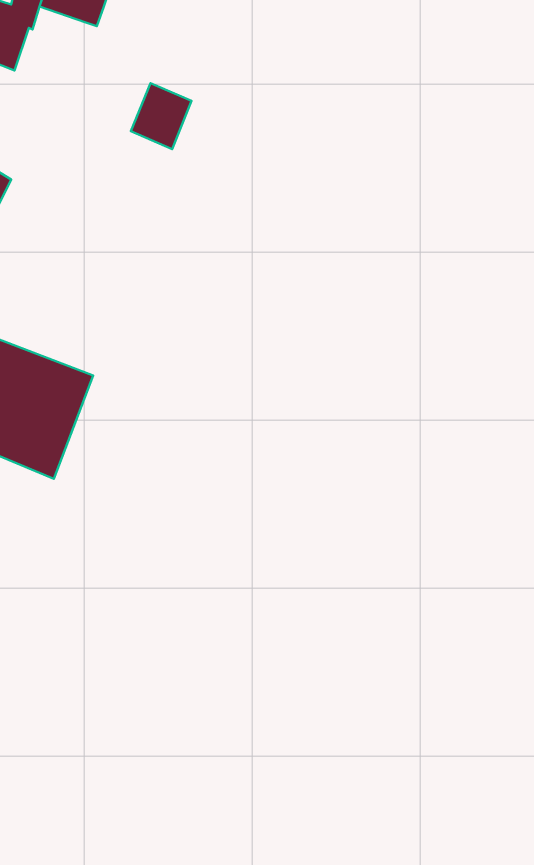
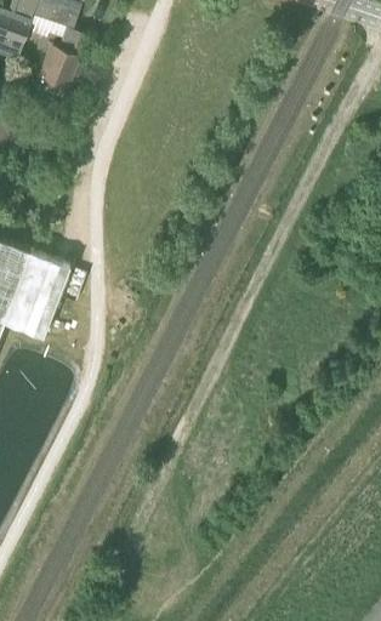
building: [131,83,192,149] -> [39,46,80,91]

